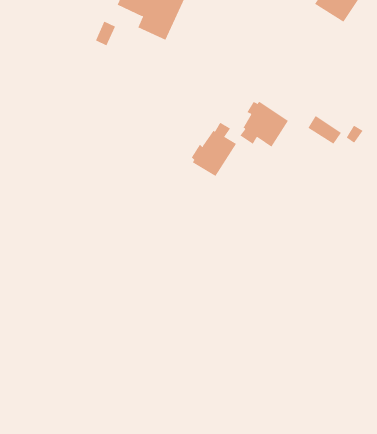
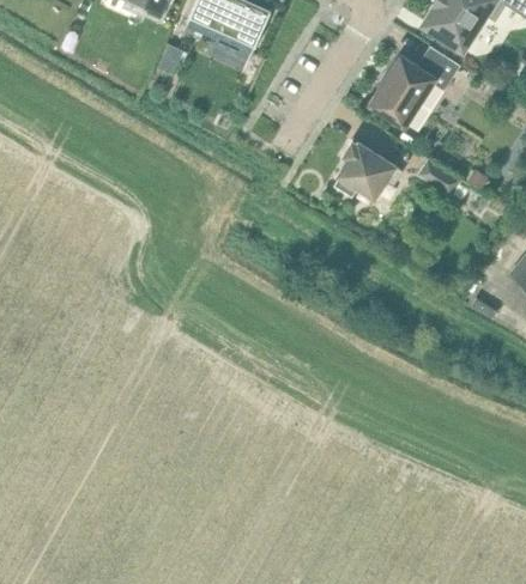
building: none -> [369,44,460,126]
building: [191,122,237,177] -> none

